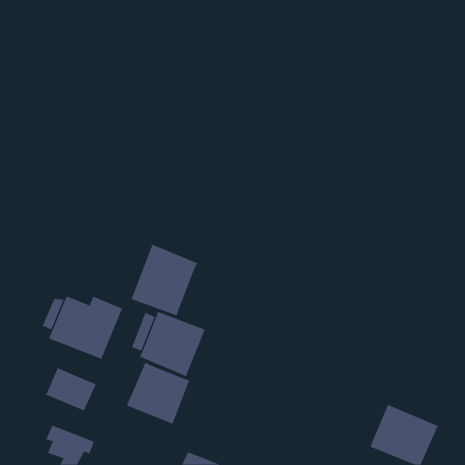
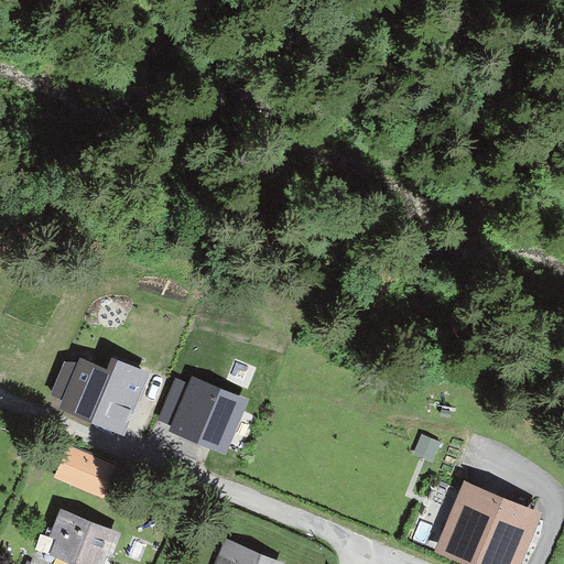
building: [131,244,198,316] -> none
building: [126,362,190,424] -> none

